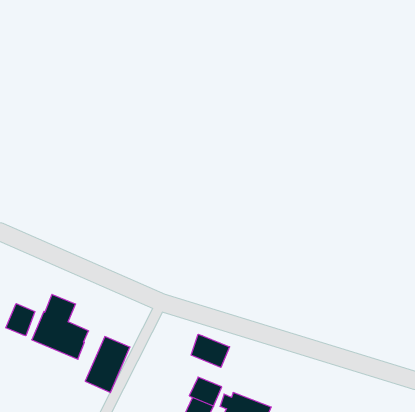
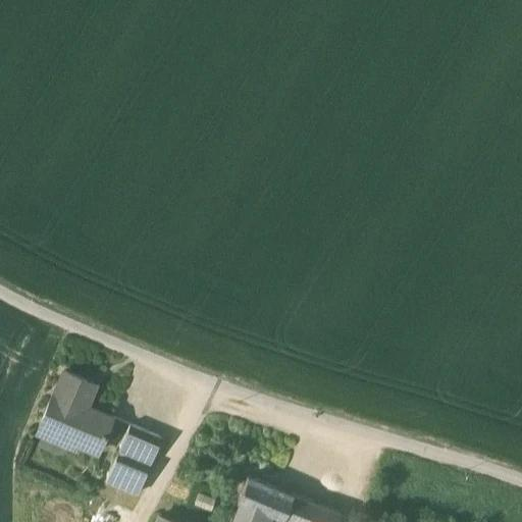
building: [6,304,35,336] -> none
building: [191,334,230,367] -> none

